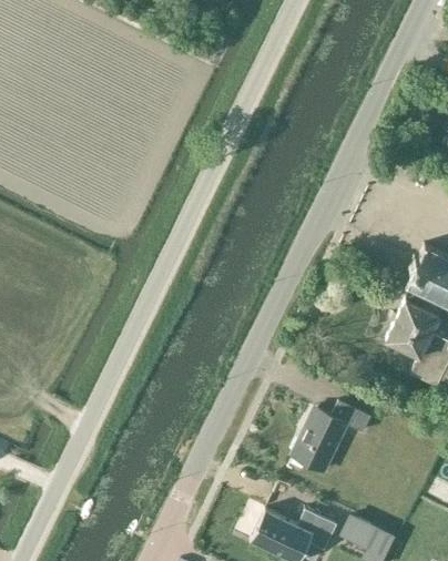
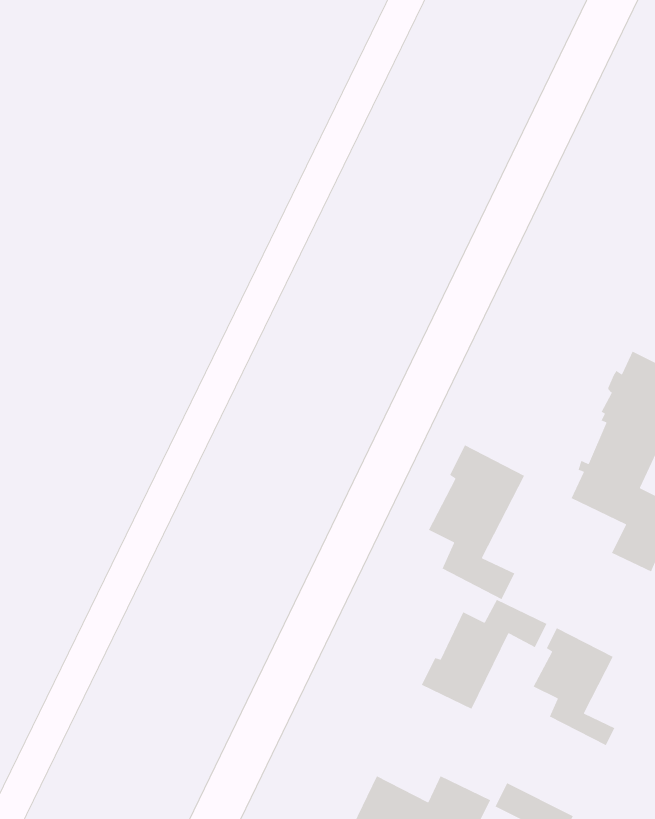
building: none -> [428,444,525,600]
building: none -> [533,627,616,746]

